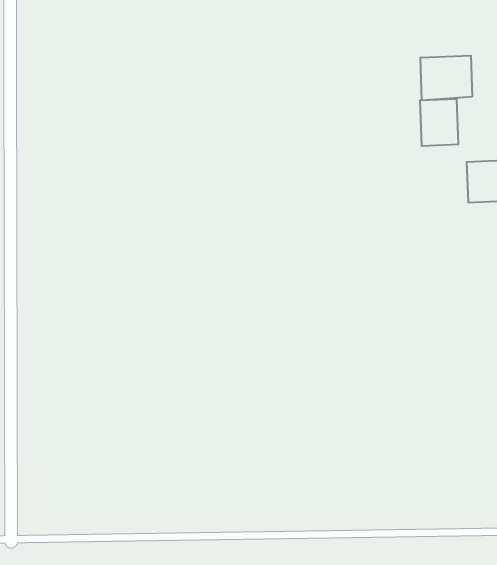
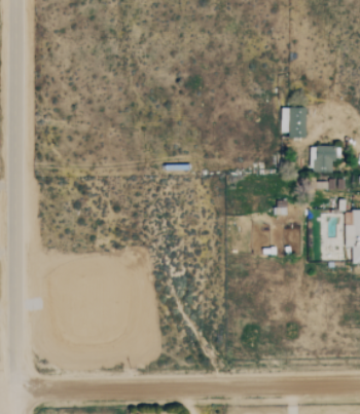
building: [421,56,472,100] -> none

